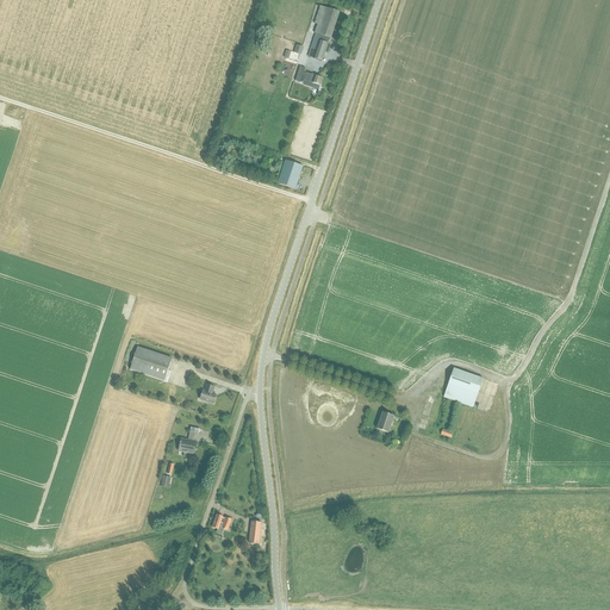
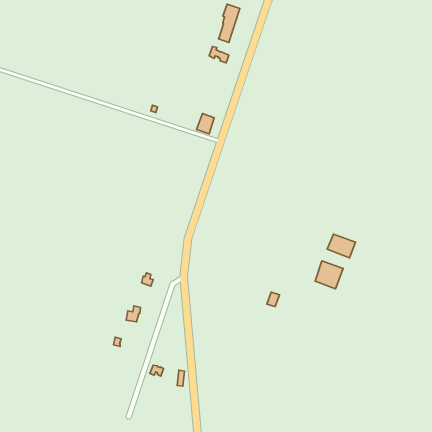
building: none -> [327,234,356,258]
building: [129,346,170,380] -> none

